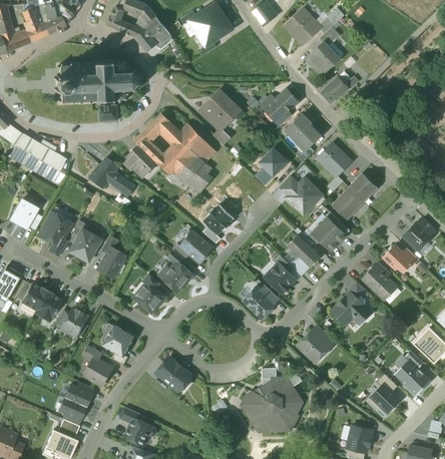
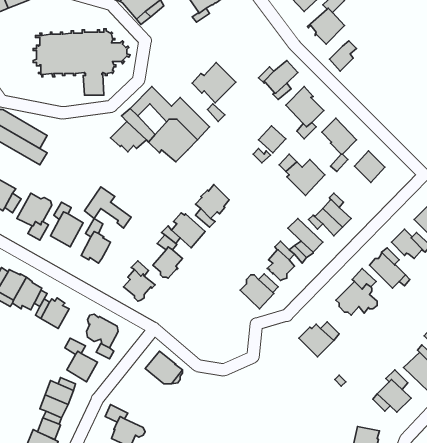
building: [91,157,134,195] -> [84,187,131,228]
building: [184,162,211,193] -> none
building: [332,186,364,219] -> none
building: [242,377,302,431] -> none

